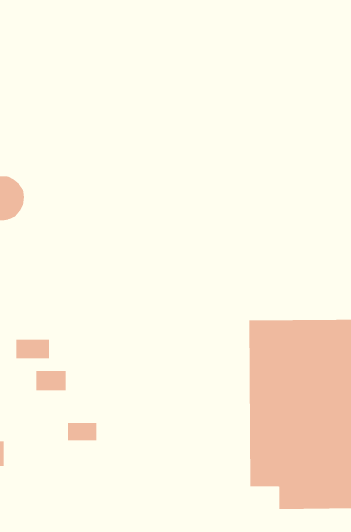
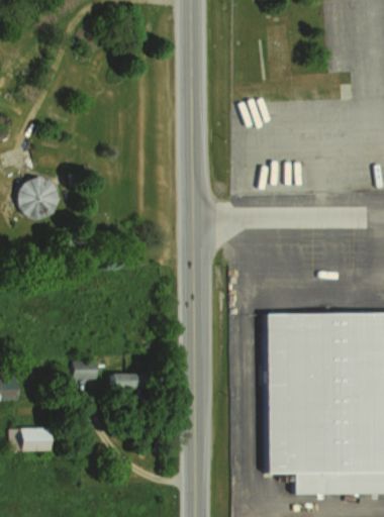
building: [16,339,49,359] -> none
building: [67,423,97,441] -> [103,375,131,392]

